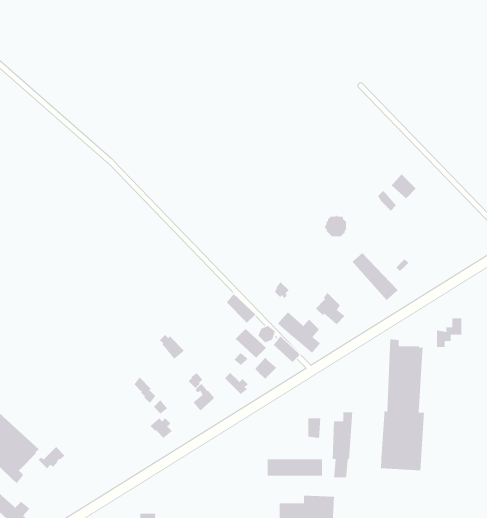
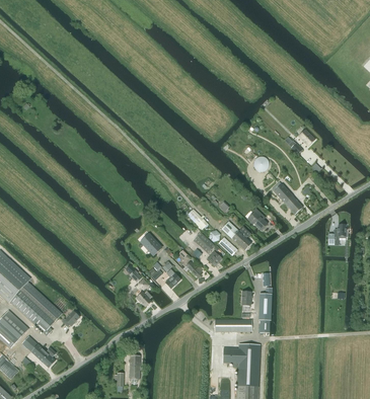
building: [380,339,425,471] -> none

